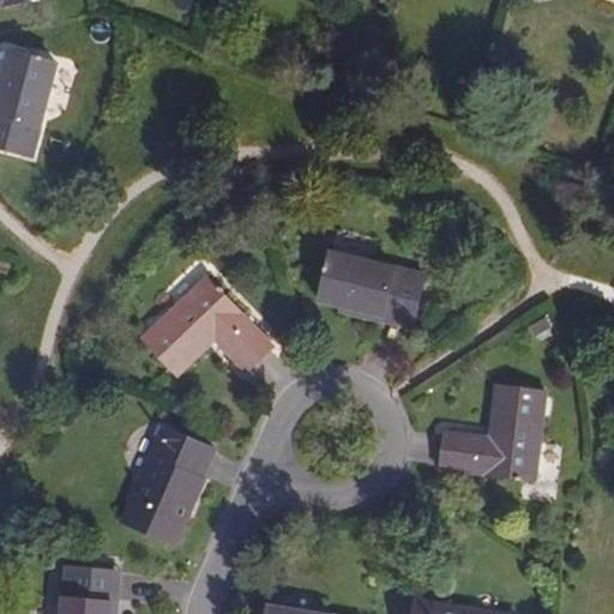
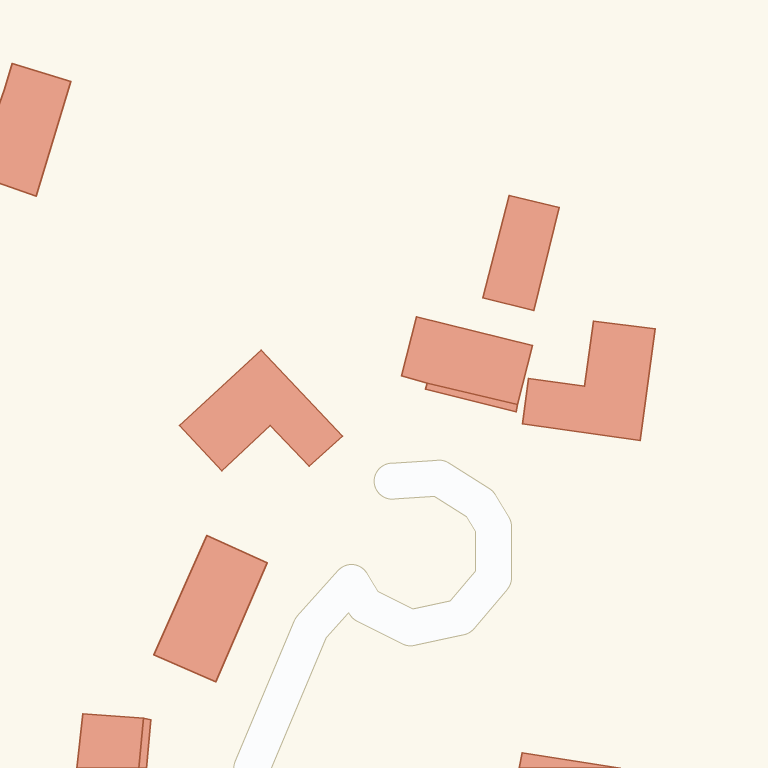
building: none -> [483,196,559,311]
building: [440,385,546,480] -> [523,321,655,440]

